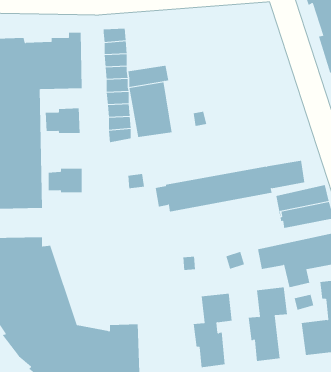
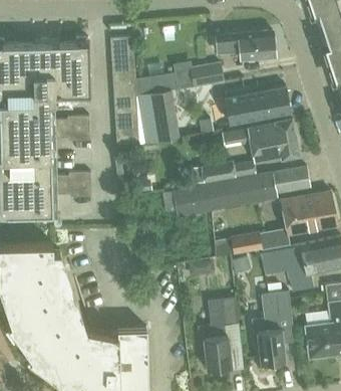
building: none -> [217,30,275,60]
building: none -> [190,62,224,87]
building: none -> [226,86,291,123]
building: none -> [192,119,300,184]
building: none -> [214,228,289,257]

